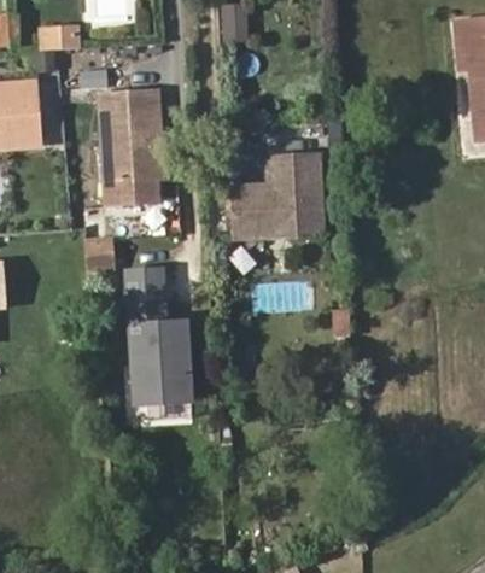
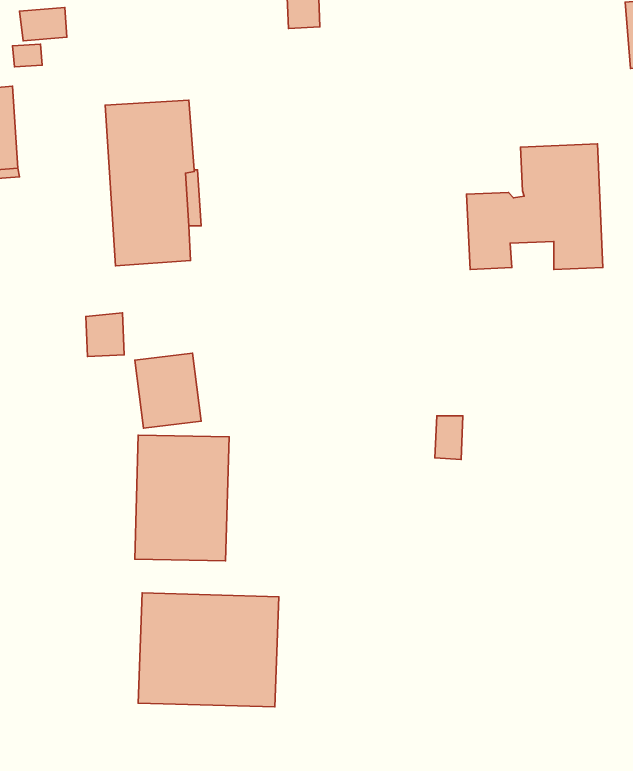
building: [230,152,325,239] -> [467,144,603,269]
building: none -> [138,593,279,707]

